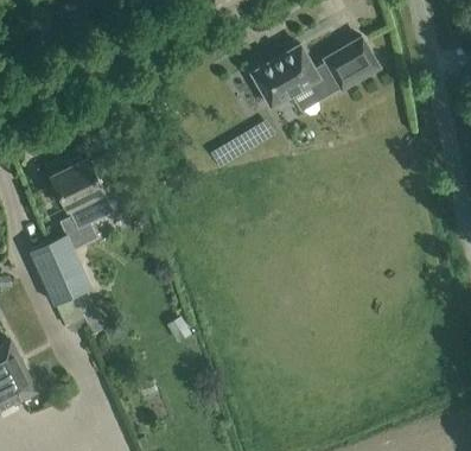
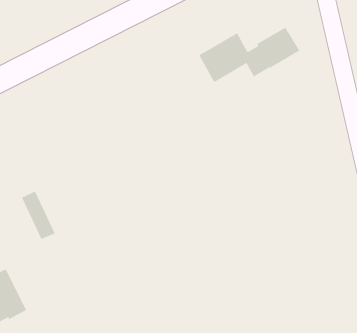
building: [51,158,112,228] -> none
building: [47,235,90,297] -> none

